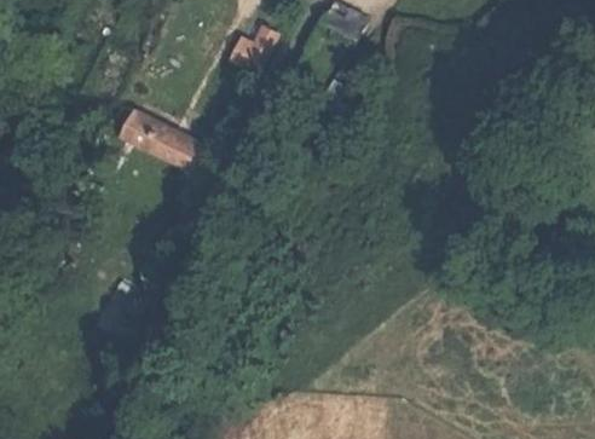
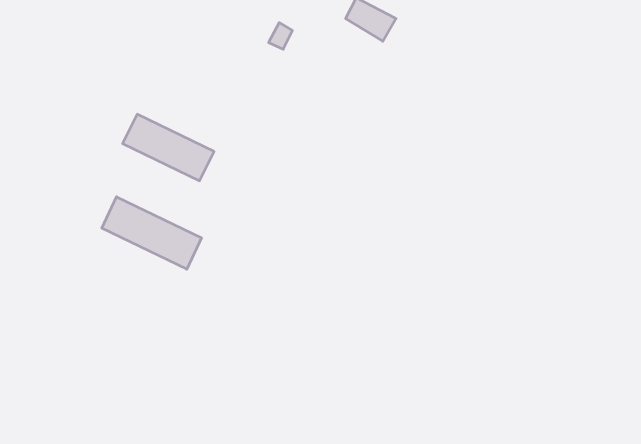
building: none -> [102,197,201,269]

